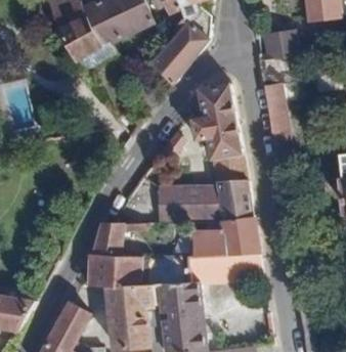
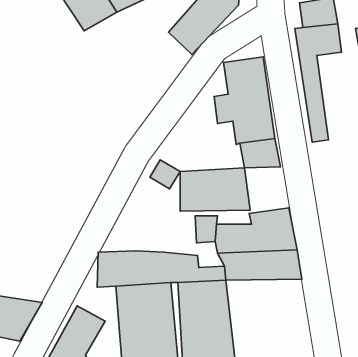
building: [216,180,255,221] -> none
building: [88,222,124,255] -> none

